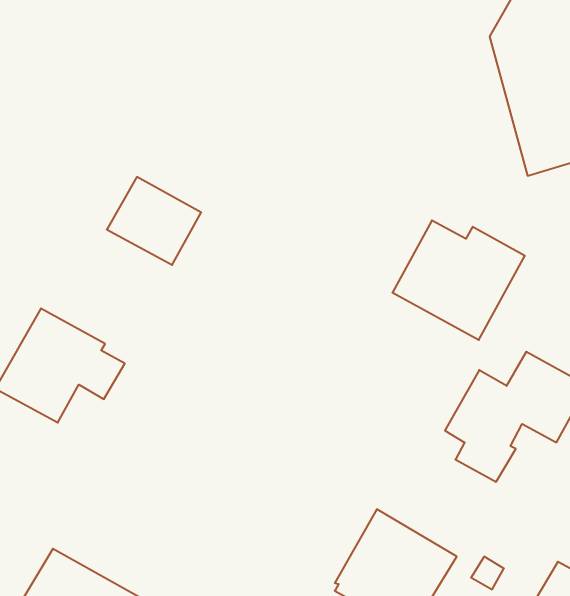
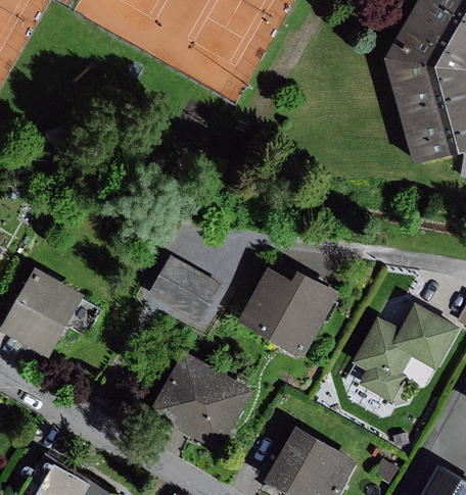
building: [107,177,201,265] -> [147,257,221,326]
building: [392,220,525,340] -> [237,265,340,358]
building: none -> [148,352,252,452]

